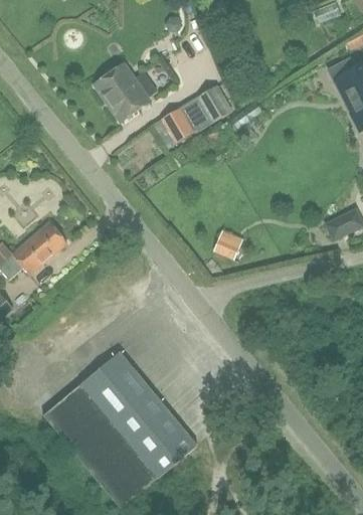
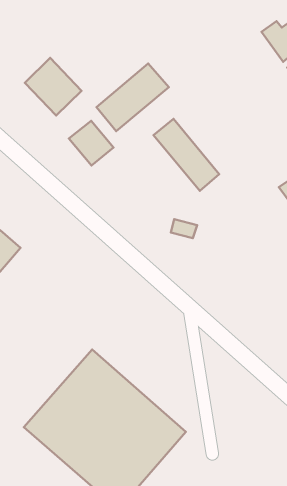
building: none -> [69,121,113,165]
building: none -> [153,119,219,191]

